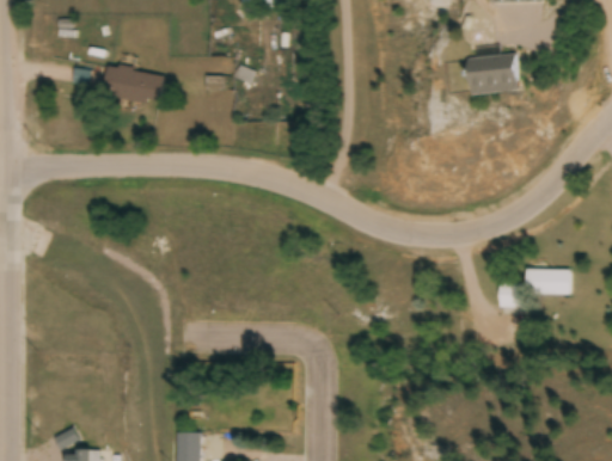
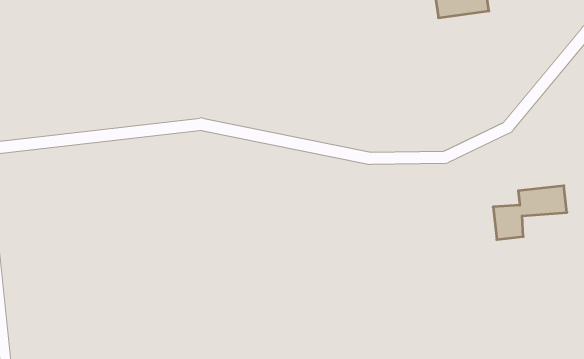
building: [103,66,164,103] -> none

